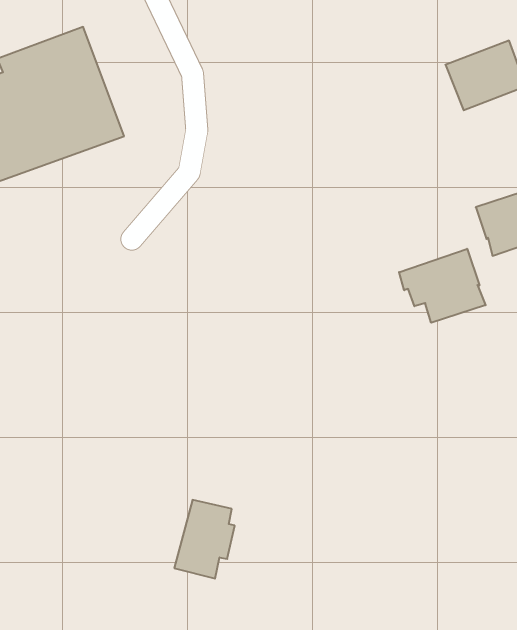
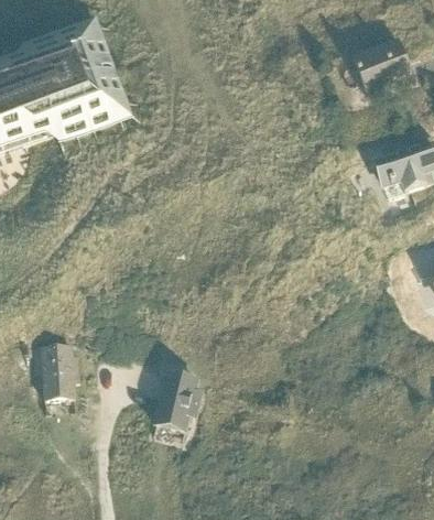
building: [399,249,486,323] -> none
building: none -> [41,345,78,399]

